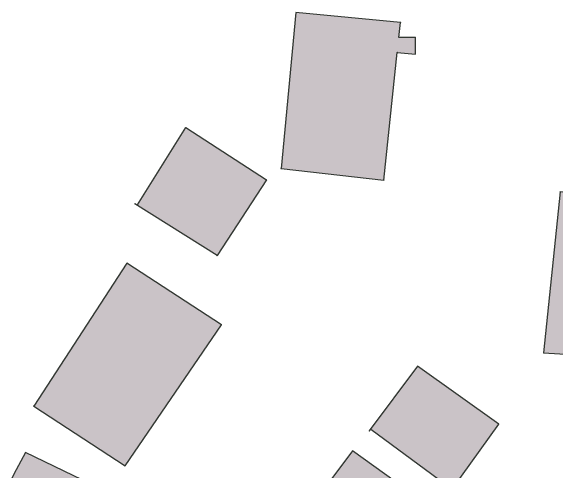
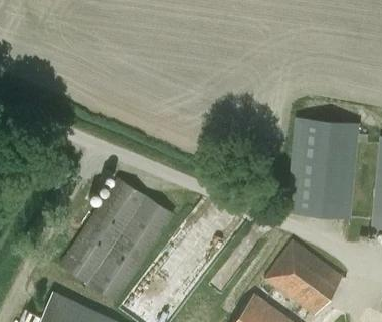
building: [281,13,415,180] -> [288,118,369,219]
building: [135,128,266,256] -> none

